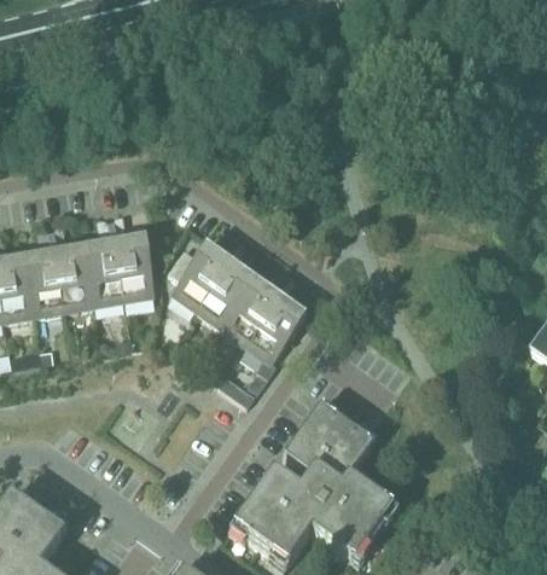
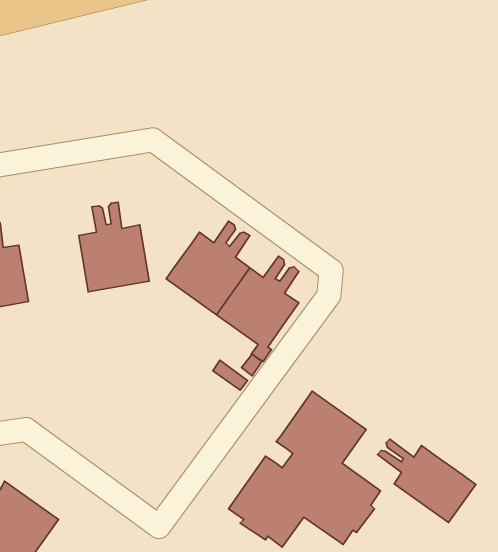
building: [24,221,94,312] -> none
building: none -> [378,439,476,522]

